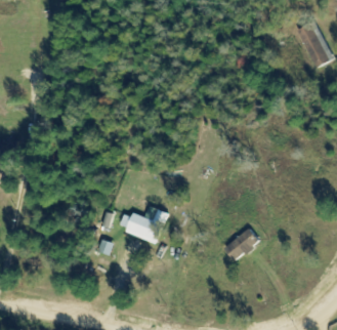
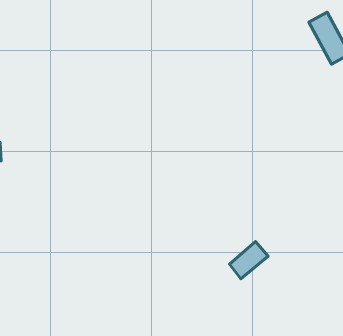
building: [124,209,168,239] -> none

